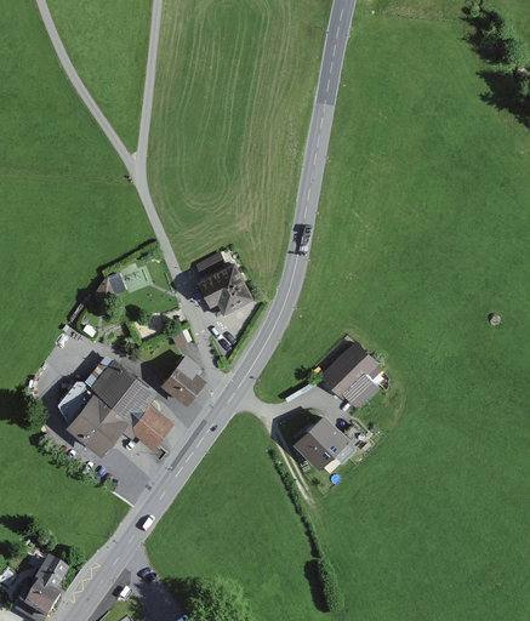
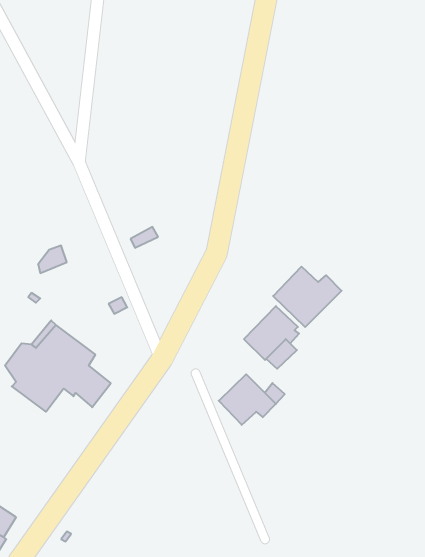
building: [195,262,252,317] -> none
building: none -> [273,267,342,327]
building: [159,354,204,405] -> none

